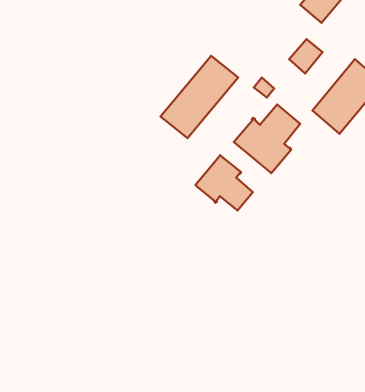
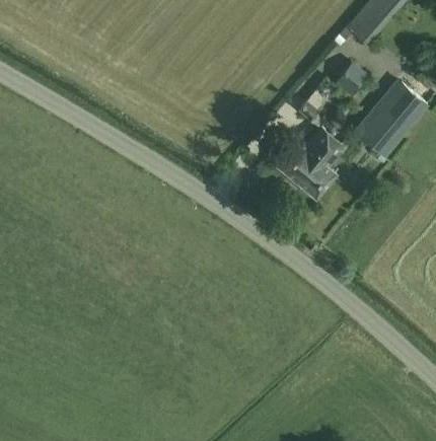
building: [160,56,238,138] -> none
building: [195,155,253,211] -> none

